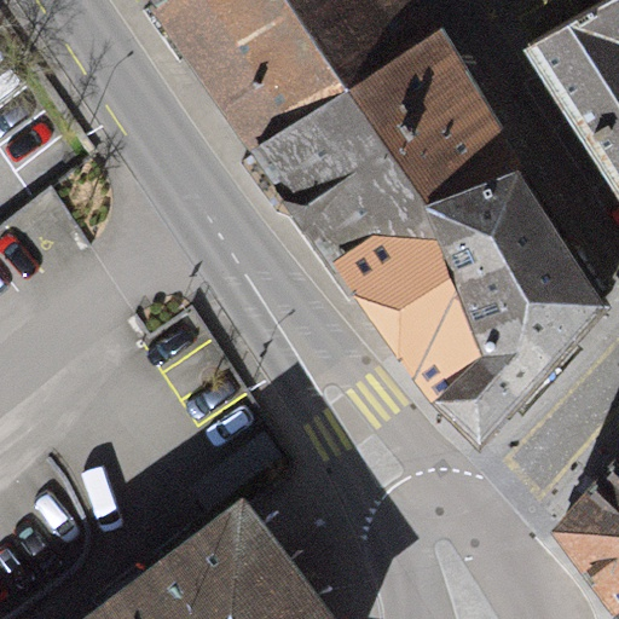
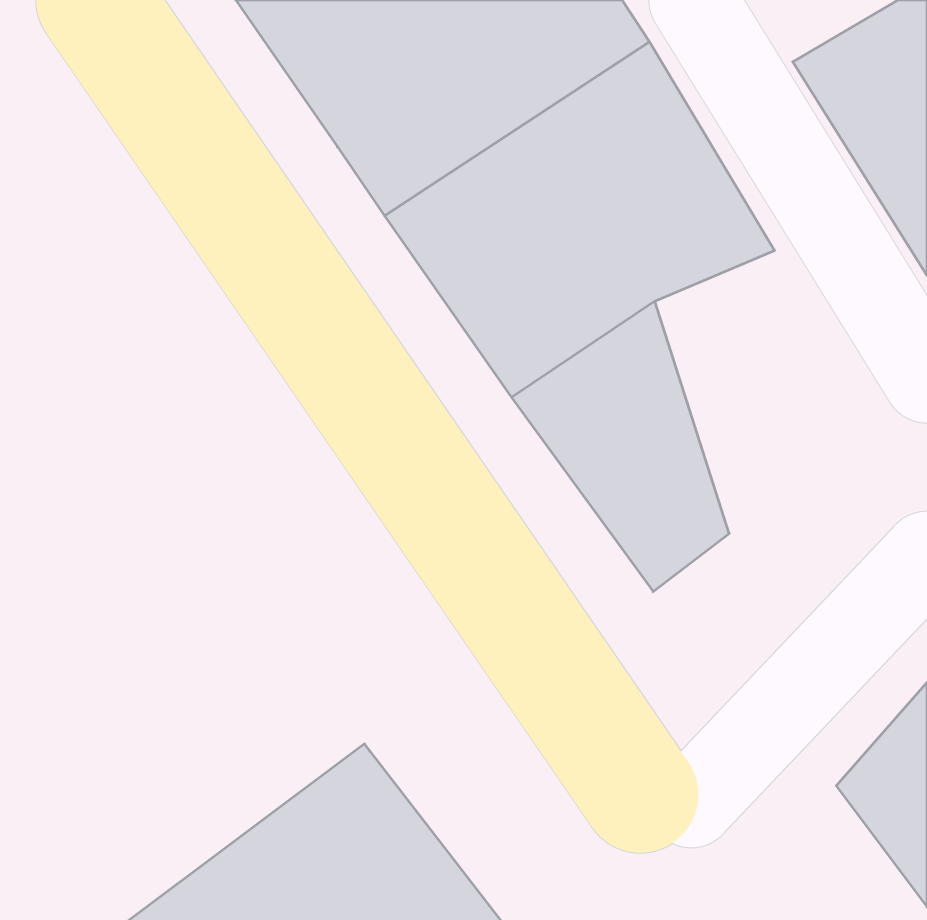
building: [435,172,601,444] -> none

